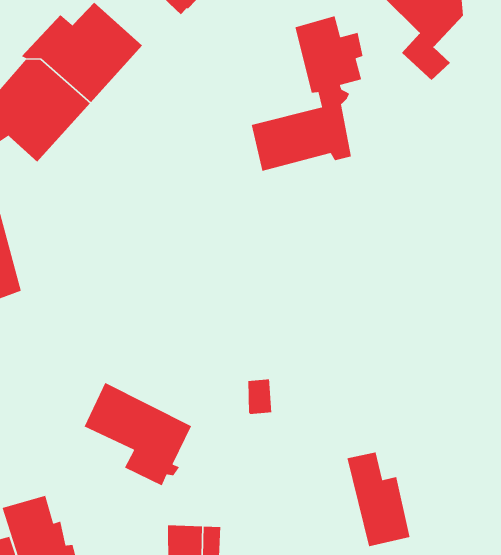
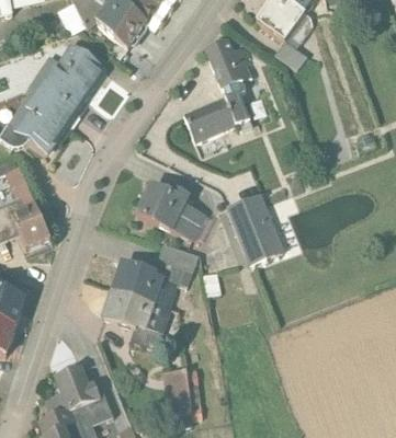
building: none -> [135,181,212,243]
building: none -> [111,244,197,309]
building: [347,452,411,547] -> [226,200,274,263]

